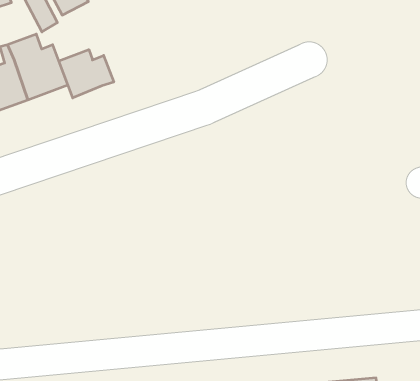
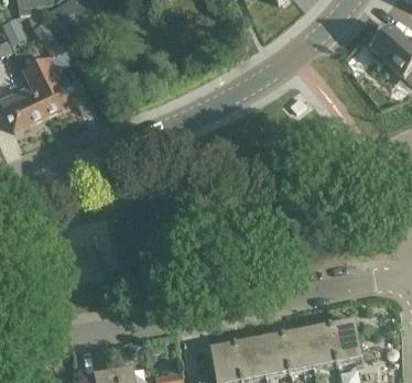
building: [59,50,114,98] -> none

